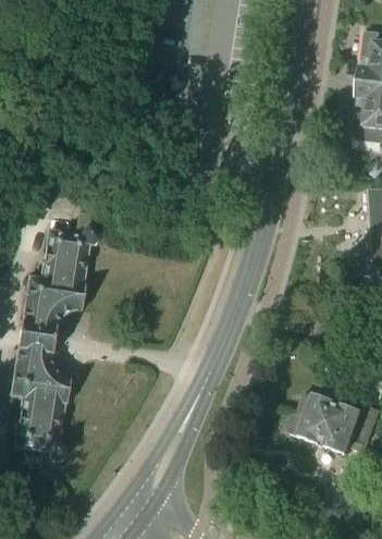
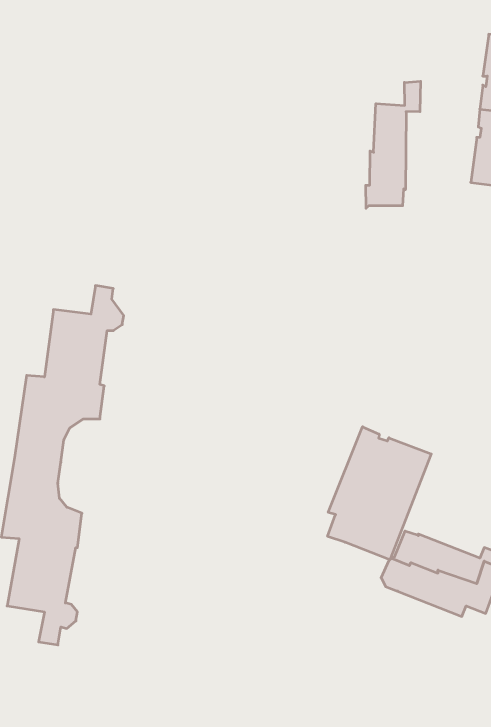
building: none -> [366,81,421,208]
building: none -> [328,427,431,560]

